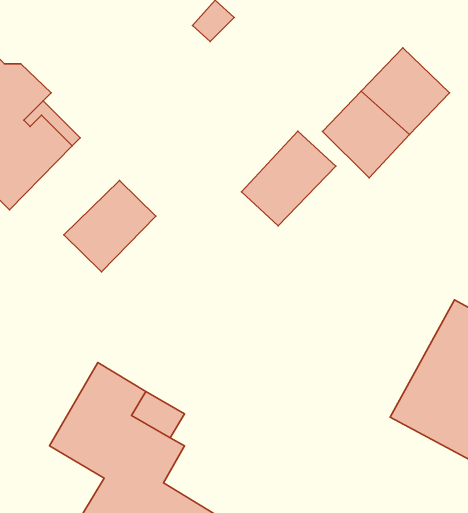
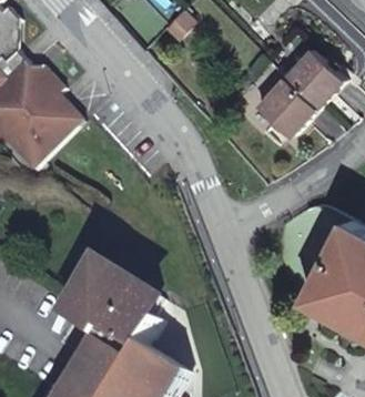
building: [241,131,336,226] -> none
building: [64,181,156,272] -> none

